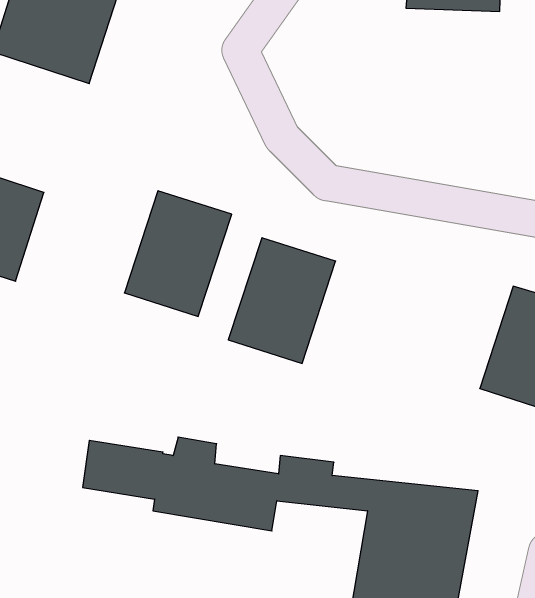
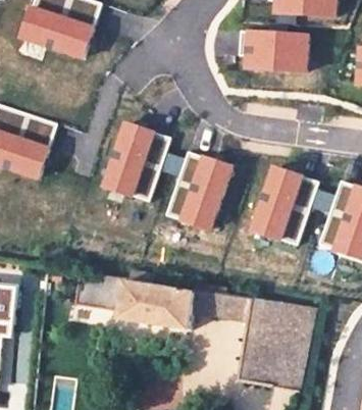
building: none -> [242,33,306,69]
building: none -> [251,167,316,245]

